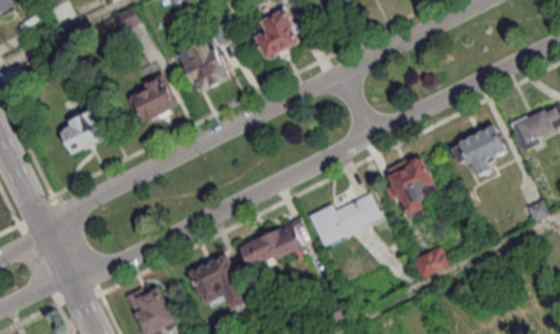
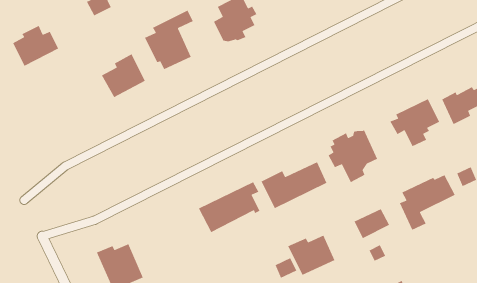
building: [57,112,109,159] -> [12,25,59,67]
building: none -> [399,174,456,231]
building: [187,252,250,310] -> none
building: none -> [287,234,335,276]

